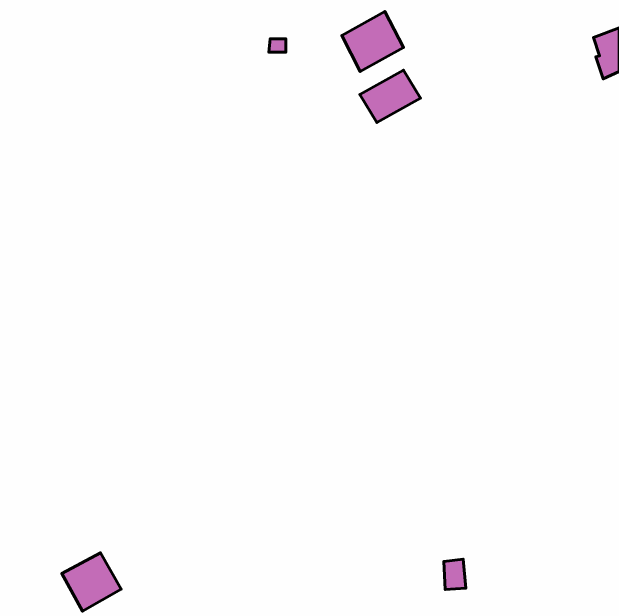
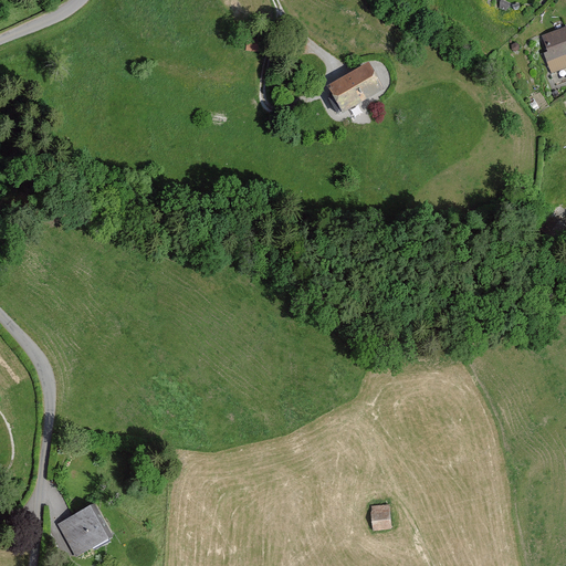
building: [342,11,403,71] -> none
building: [444,559,466,589] -> [371,502,391,530]

